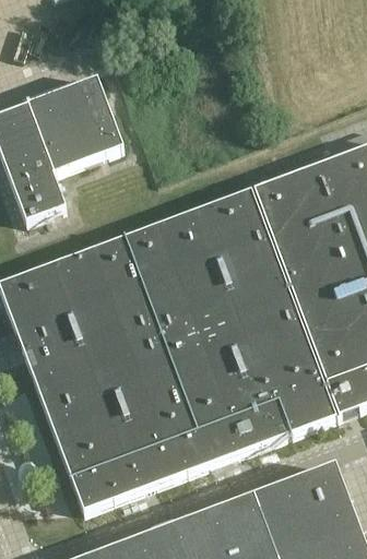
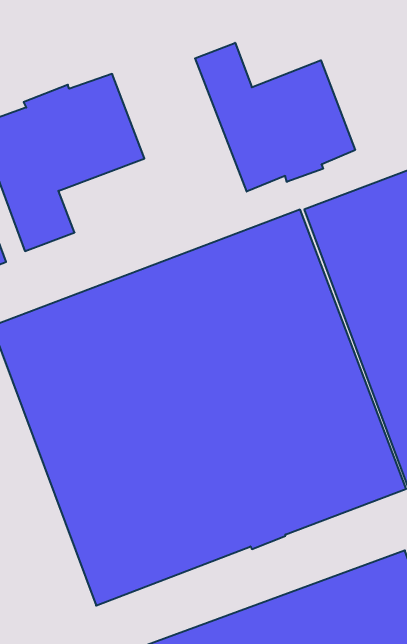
building: none -> [195,43,355,192]

